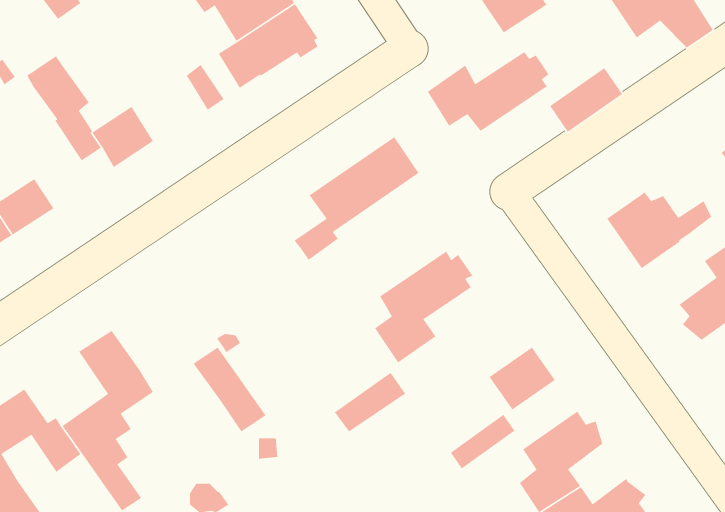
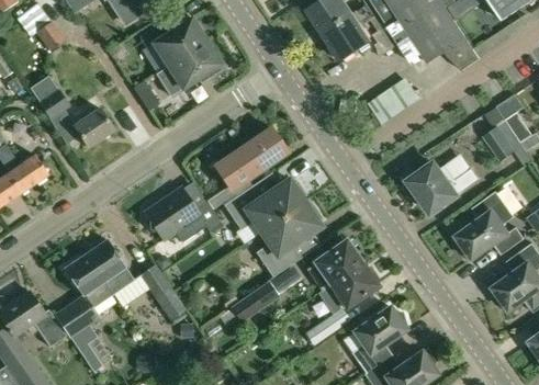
building: [427,51,550,132] -> [225,178,305,230]
building: none -> [144,186,221,241]
building: none -> [86,238,134,293]
building: none -> [307,241,360,288]

